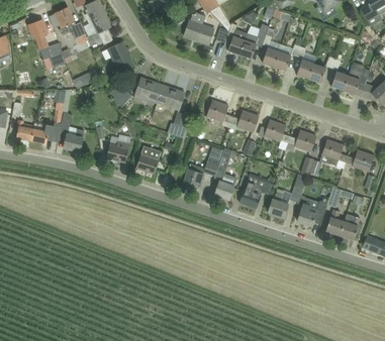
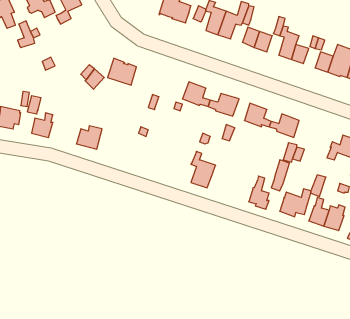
building: [107,41,134,72] -> none
building: [158,85,185,109] -> none
building: [322,138,348,165] -> none
building: [136,145,162,174] -> none
building: [183,155,221,188] -> none
building: [239,176,273,208] -> none

